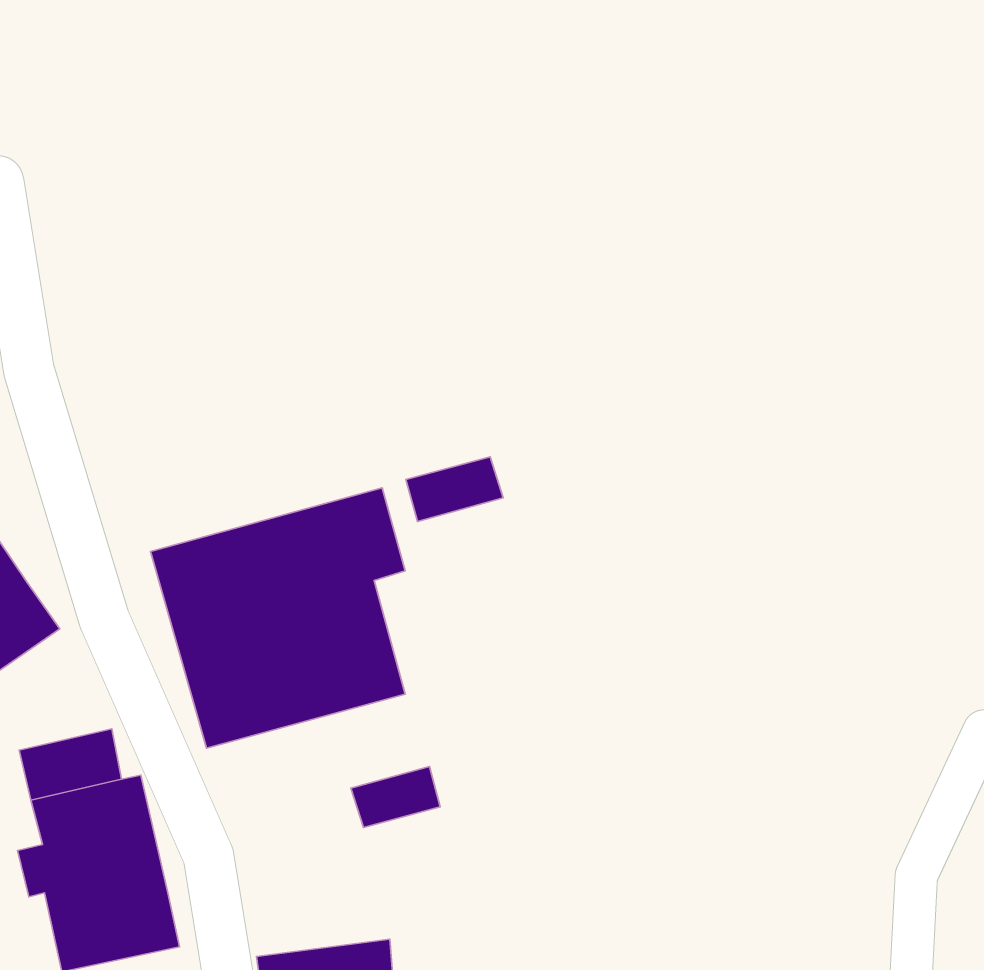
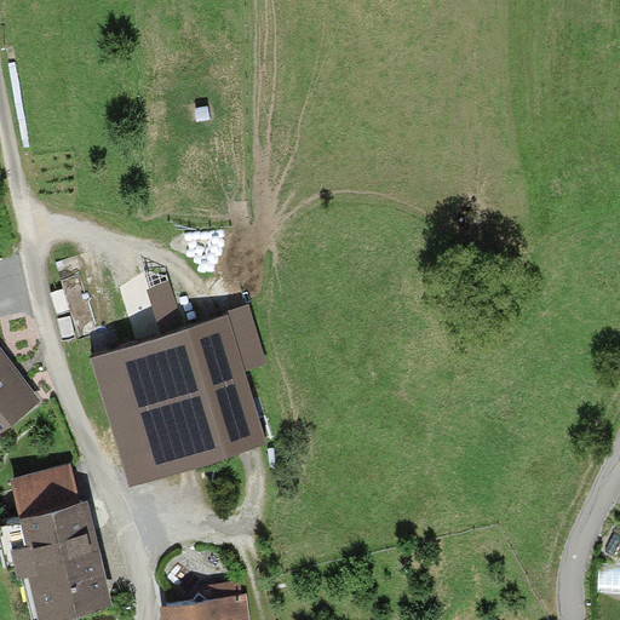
building: [406,457,503,521] -> none
building: [351,767,440,828] -> none

